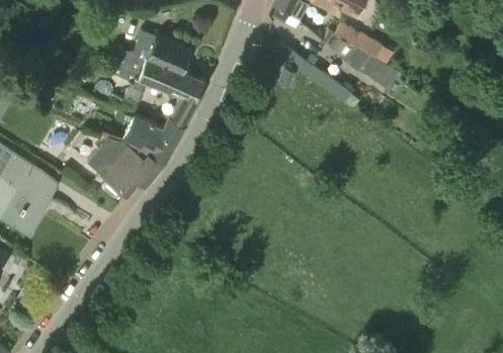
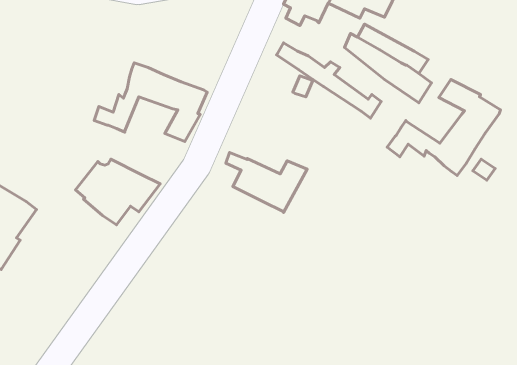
building: [109,31,190,86] -> none
building: none -> [387,79,501,175]
building: [115,109,185,161] -> [226,153,307,212]

